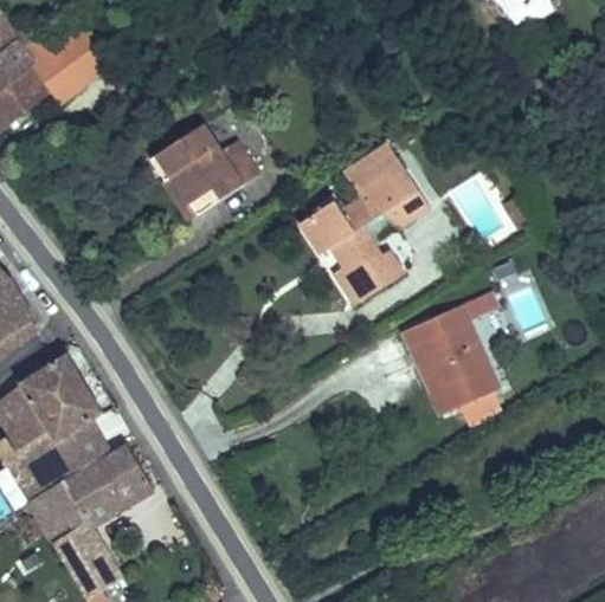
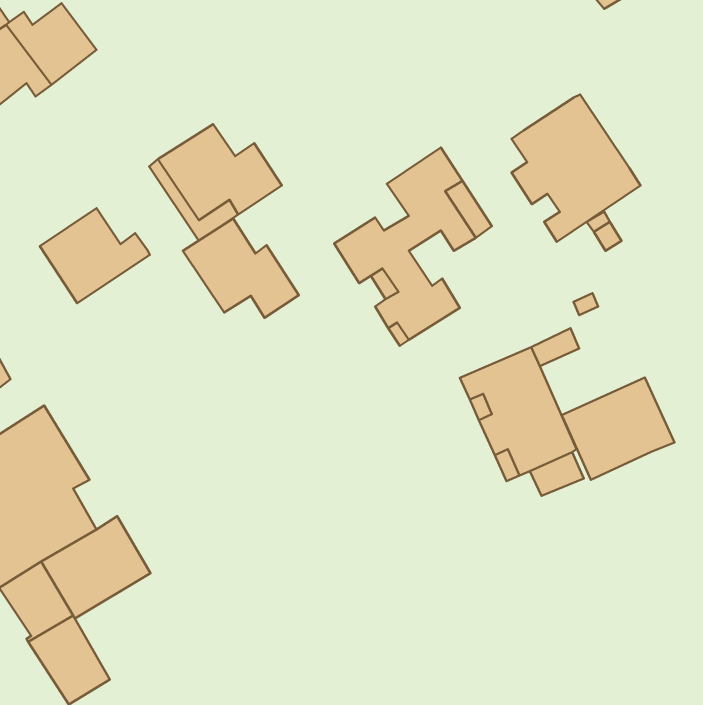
building: none -> [512,95,640,242]
building: none -> [40,208,150,303]
building: none -> [183,219,299,318]
building: none -> [561,378,674,480]

